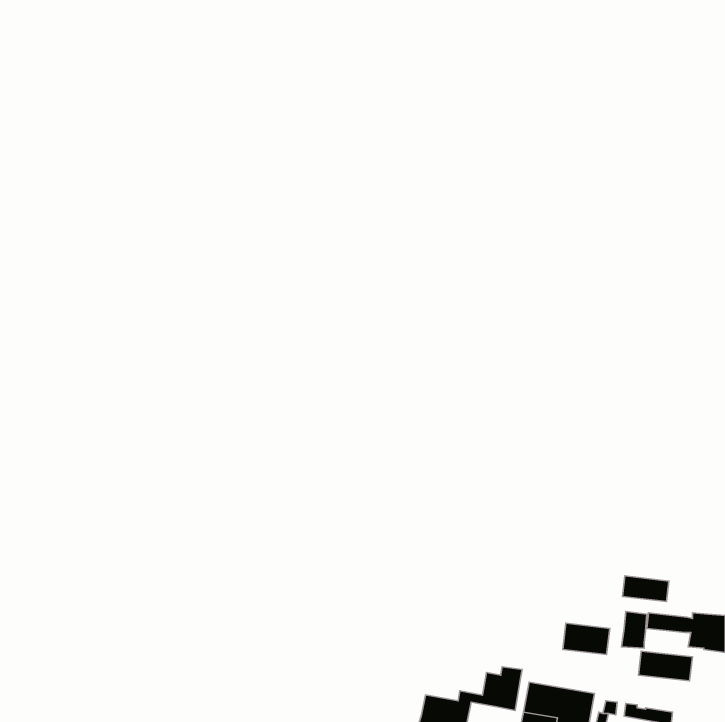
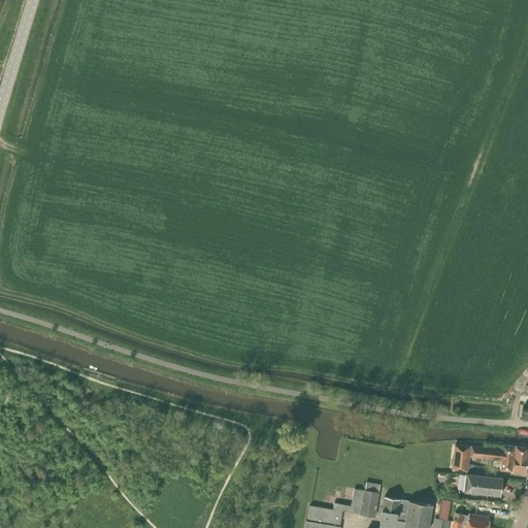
building: [623,576,669,602] -> none
building: [563,623,610,655] -> none

